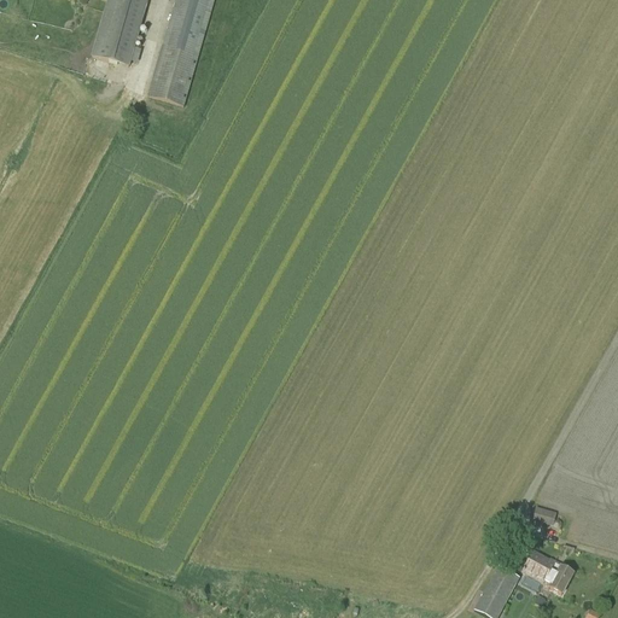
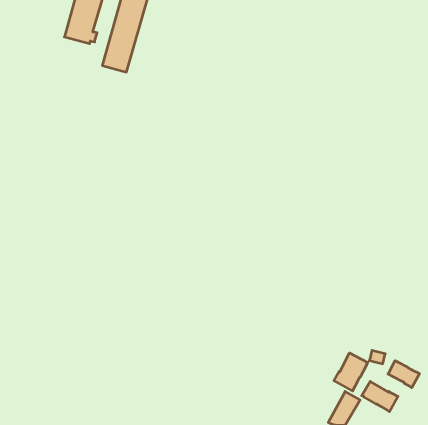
building: none -> [334,353,368,391]
building: none -> [388,361,419,388]

